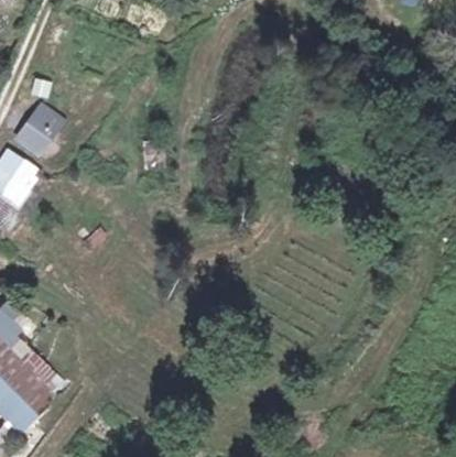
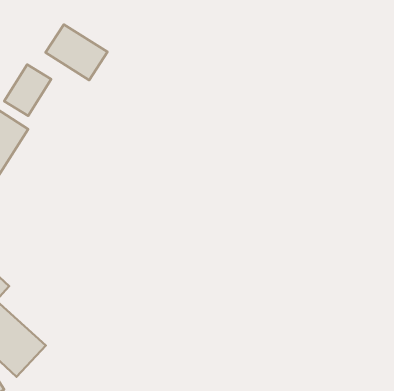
building: none -> [45,24,107,80]

